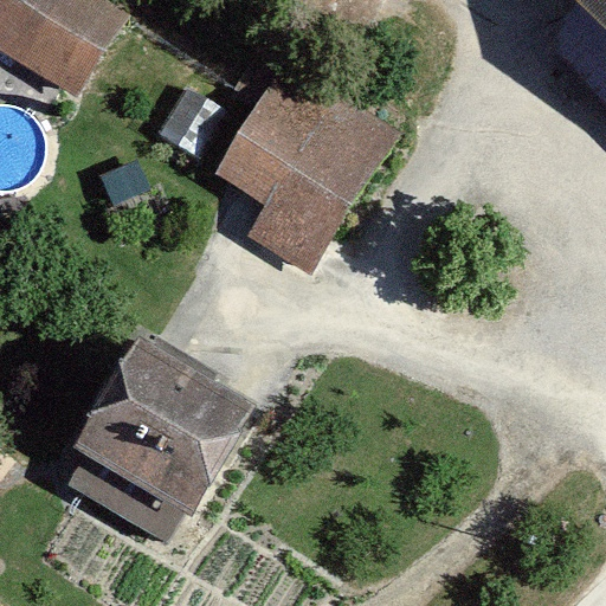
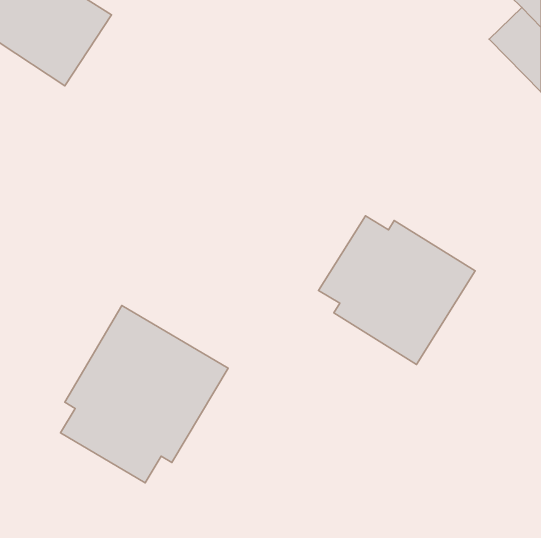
building: [215,50,393,271] -> none
building: none -> [319,216,475,364]

